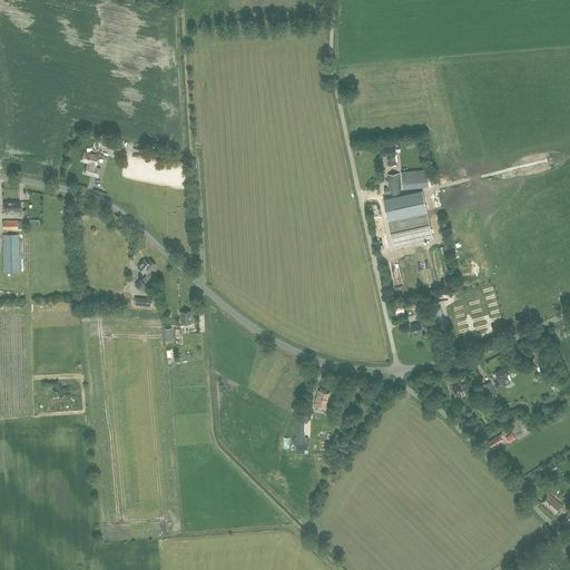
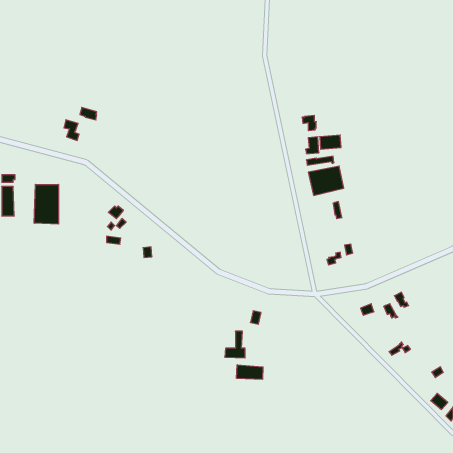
building: none -> [34,184,59,224]
building: none -> [237,365,263,379]

